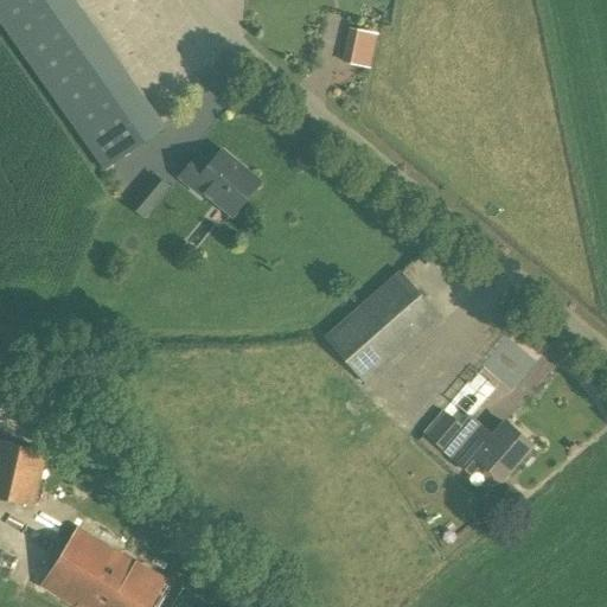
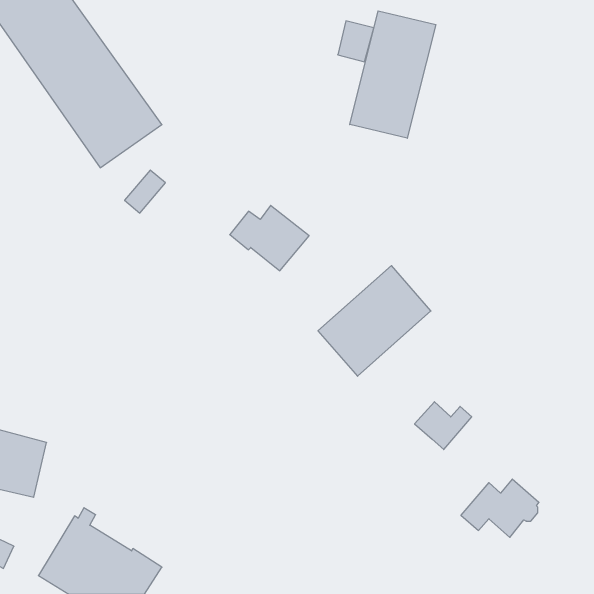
building: none -> [350,11,436,138]
building: [179,148,260,215] -> [230,205,309,271]
building: [452,421,531,480] -> [461,479,539,537]

